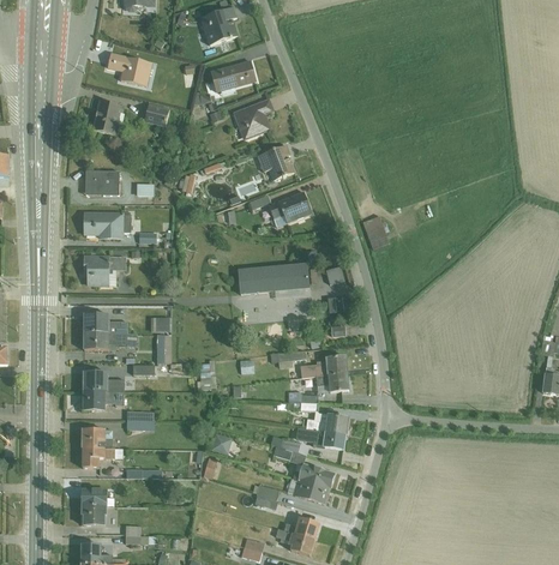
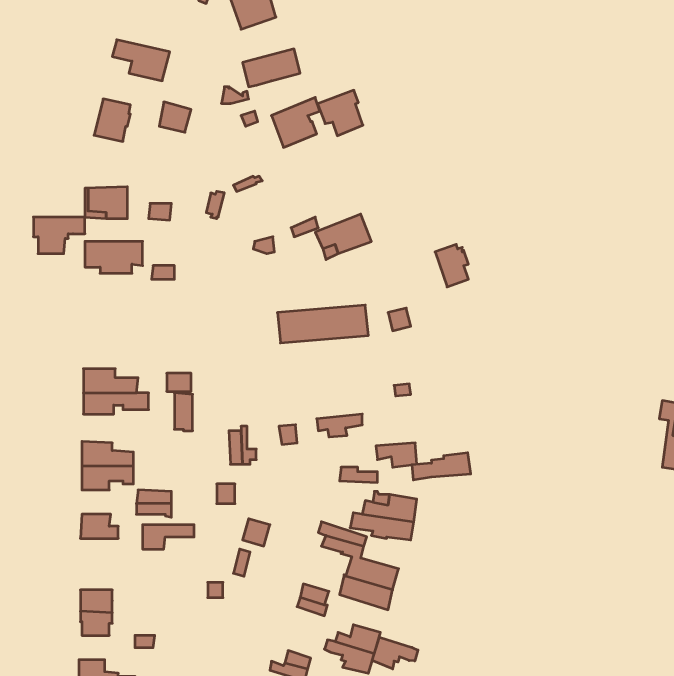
building: [257,144,293,180] -> [317,90,363,136]
building: [84,256,125,284] -> [33,217,85,254]
building: [300,355,347,377] -> [412,453,471,480]
building: [82,447,122,467] -> [143,525,194,549]
building: none -> [372,637,418,669]

